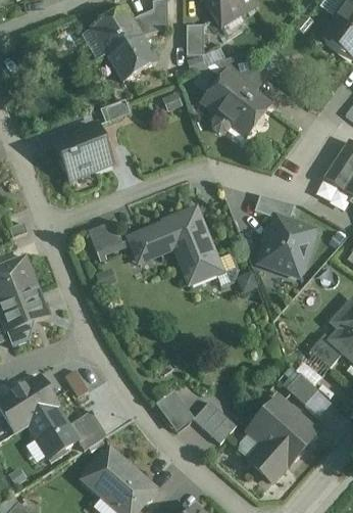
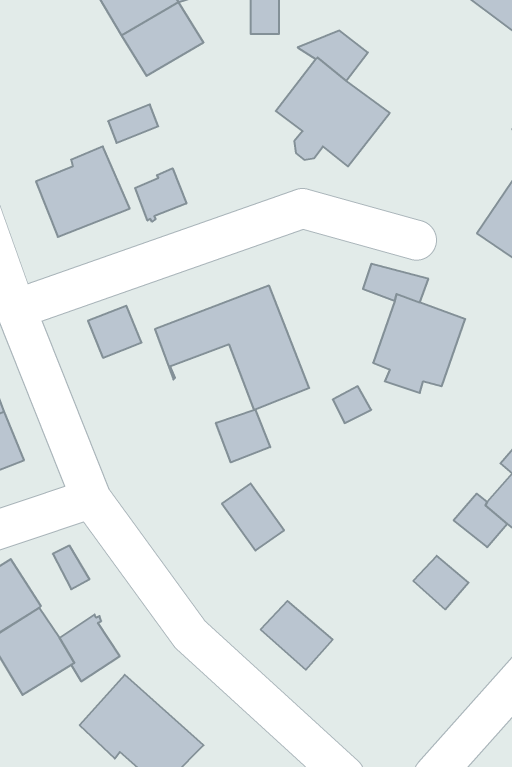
building: none -> [135,168,186,222]
building: none -> [216,409,270,462]
building: [154,389,192,430] -> [222,483,284,551]
building: [247,398,316,481] -> none

